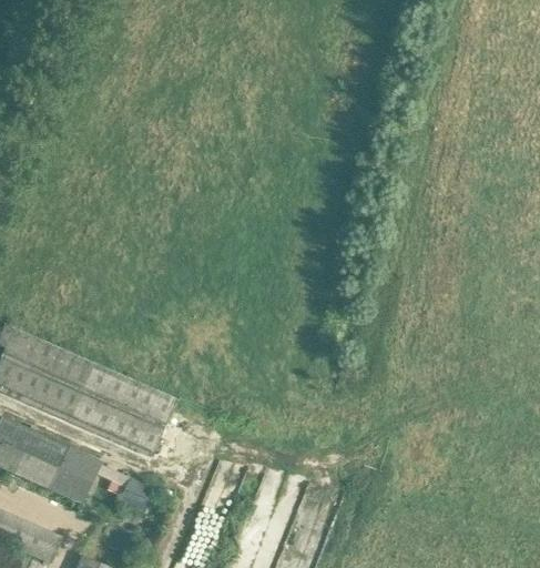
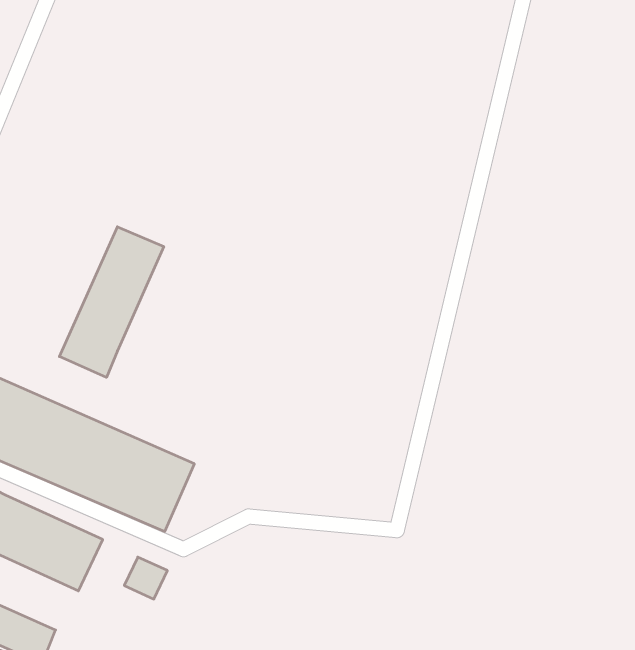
building: none -> [59,227,164,377]

